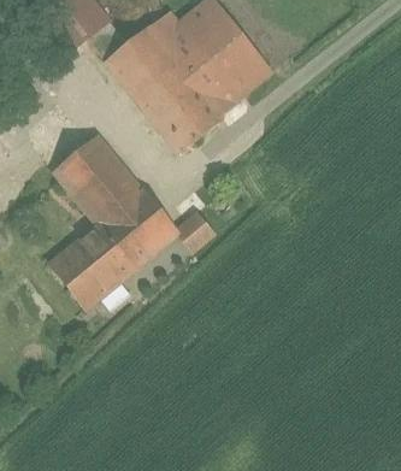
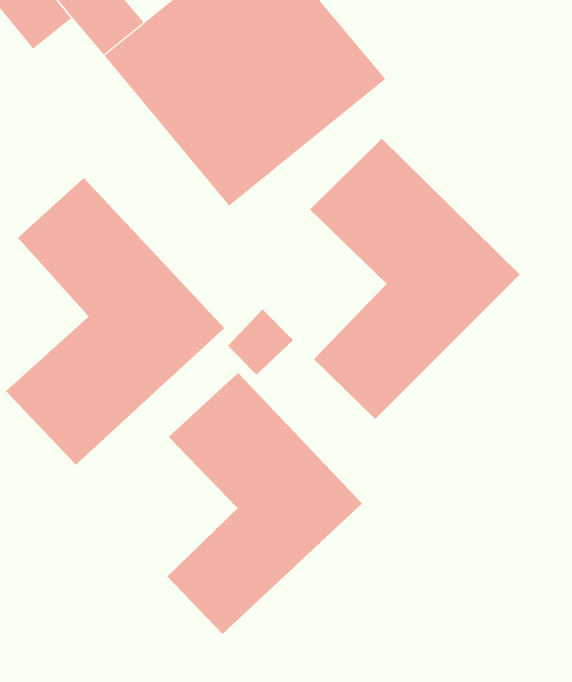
building: none -> [309,138,521,420]
building: none -> [166,372,363,635]

